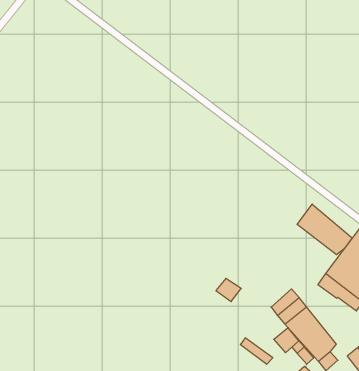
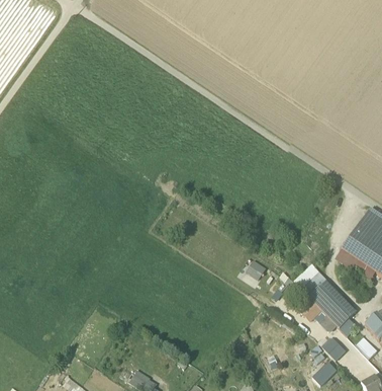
building: [297,204,352,255] -> none

